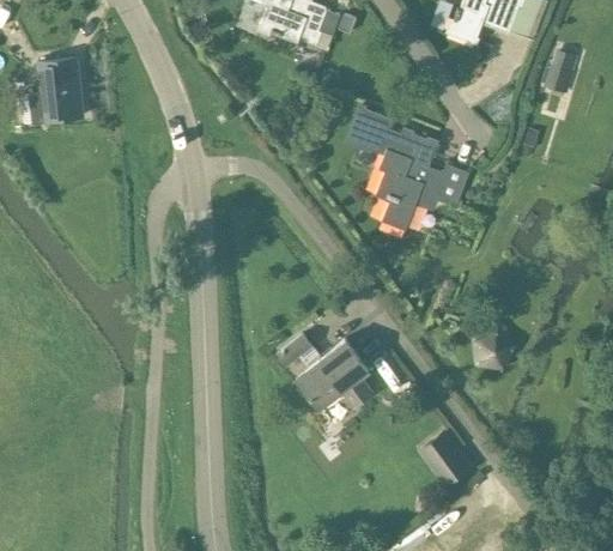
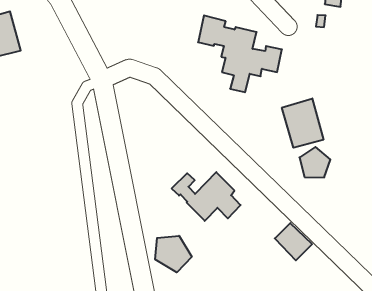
building: none -> [282,98,323,148]
building: none -> [155,236,192,272]

